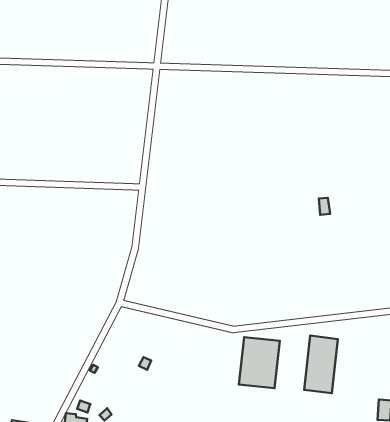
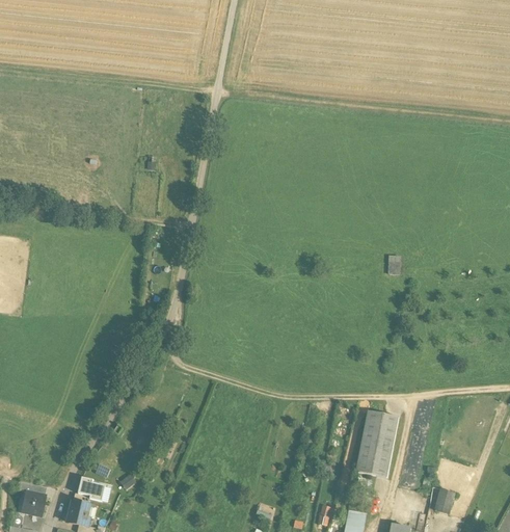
building: [239,337,280,388] -> none

